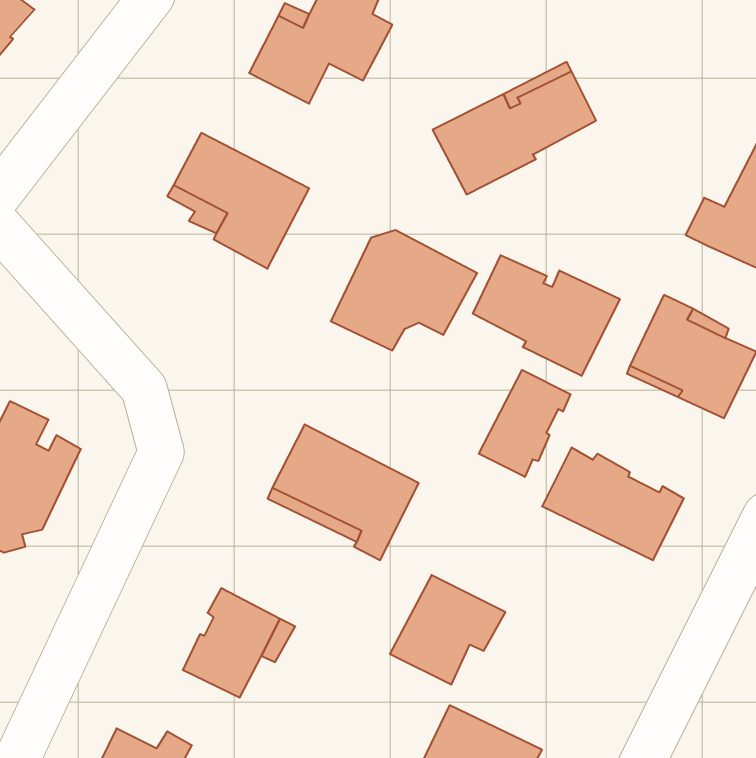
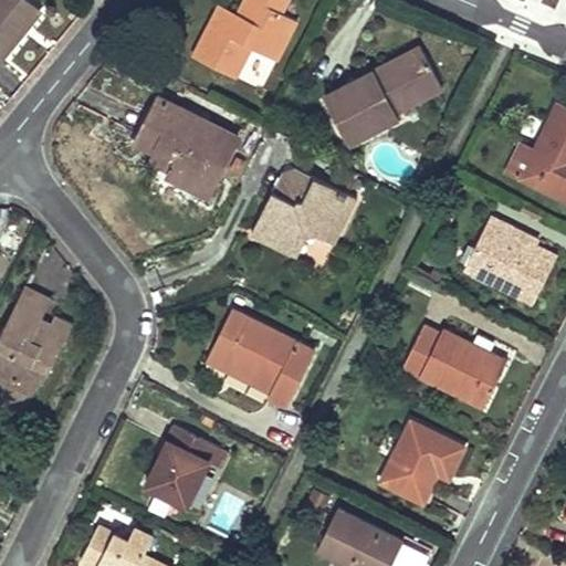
building: [473,255,620,376] -> none
building: [479,370,570,477] -> none
building: [390,575,505,685] -> [380,423,463,502]

